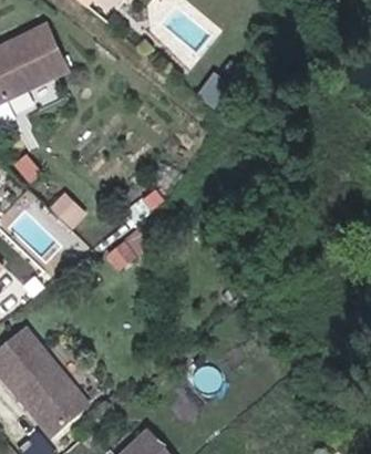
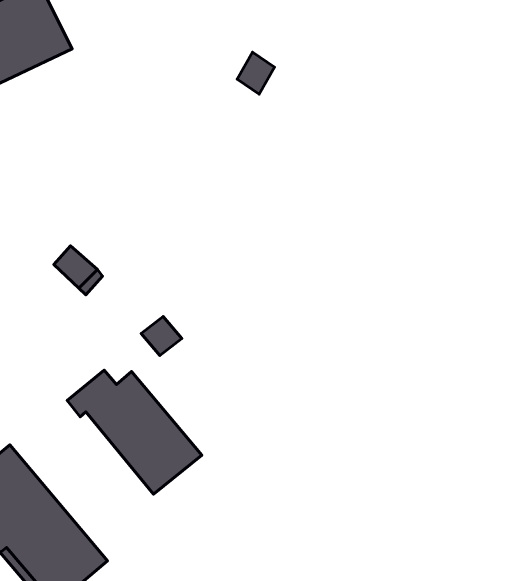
building: none -> [67,370,202,494]

